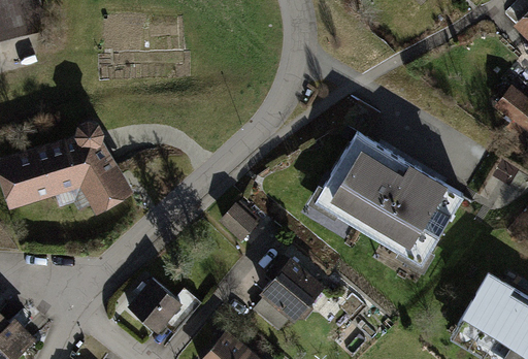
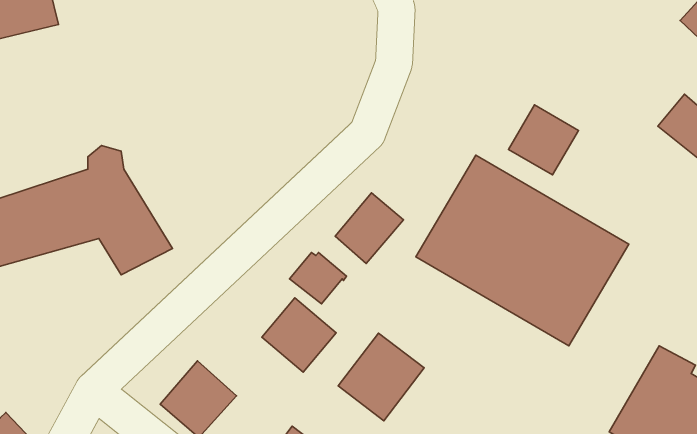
building: none -> [509,105,579,175]
building: none -> [335,193,404,264]
building: none -> [262,298,336,372]

